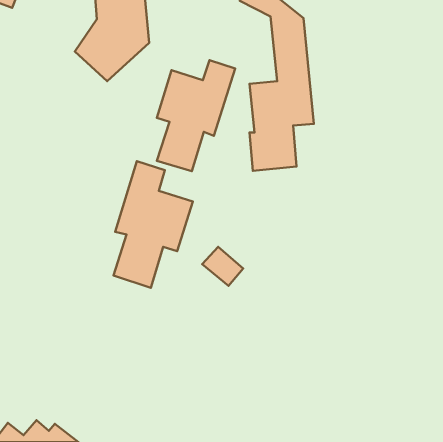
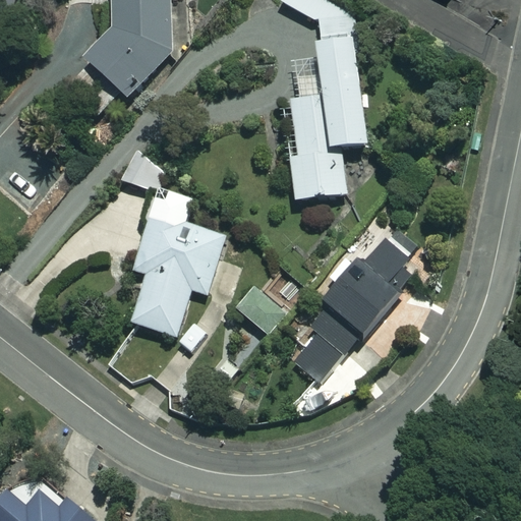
building: [157,60,235,171] -> none
building: none -> [281,239,418,383]

